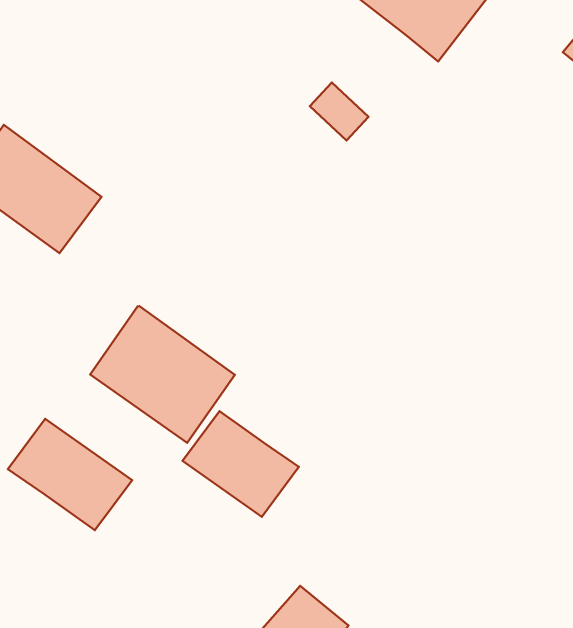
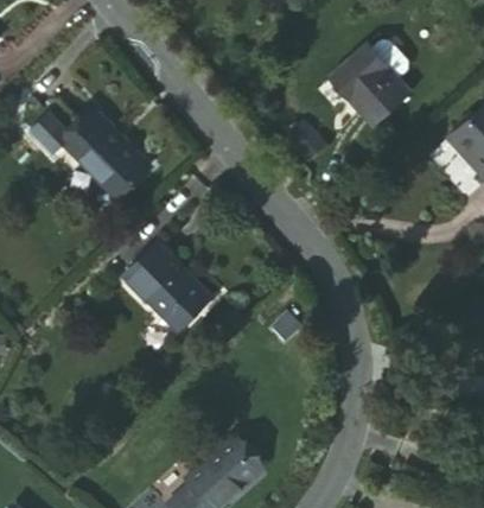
building: [183,411,299,517] -> none
building: [8,419,132,530] -> none

